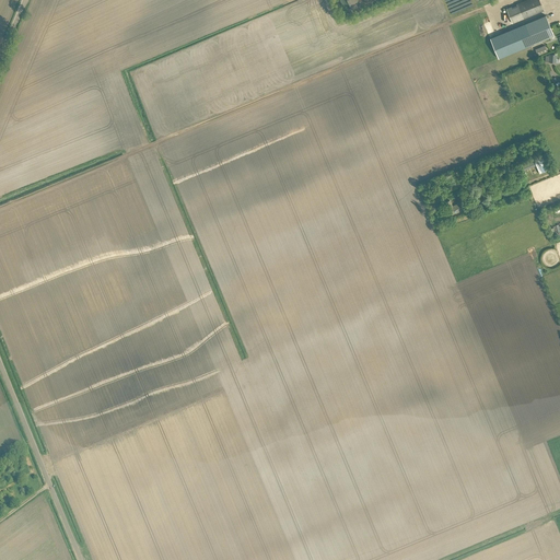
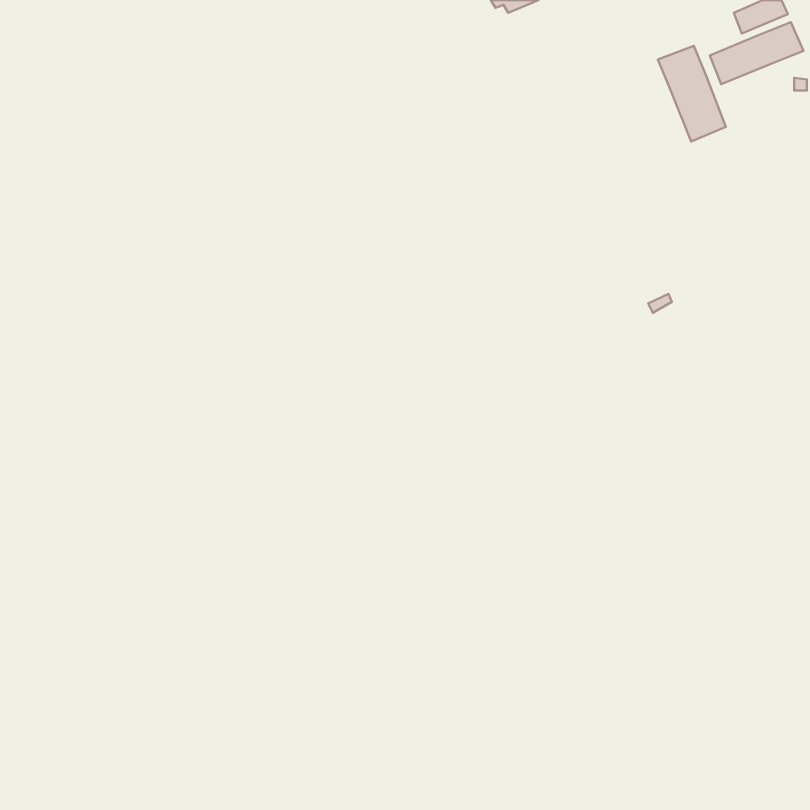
building: none -> [658,46,726,141]

